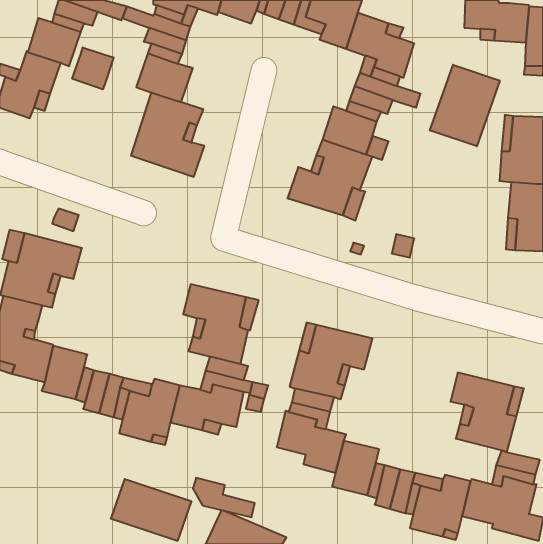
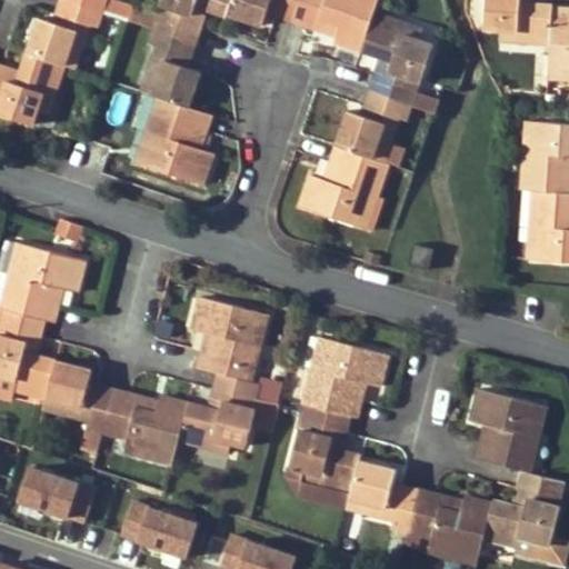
building: [72,47,114,89] -> none
building: [430,65,500,146] -> none
building: none -> [16,468,94,528]
building: [193,478,255,517] -> [286,467,350,508]

